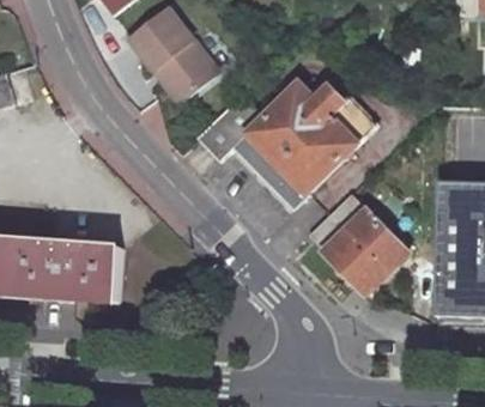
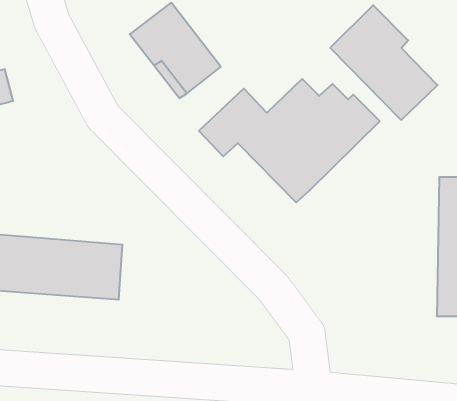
building: none -> [330,5,438,120]
building: [308,190,412,293] -> none

